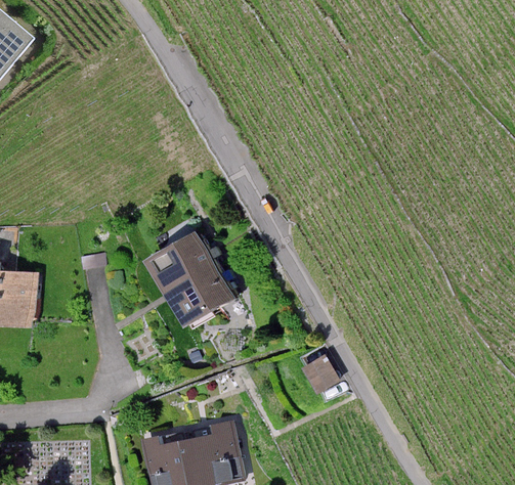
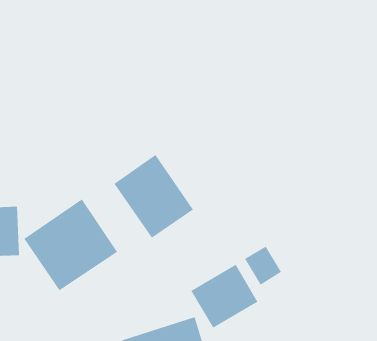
building: none -> [23,198,118,291]
building: none -> [191,264,258,329]

